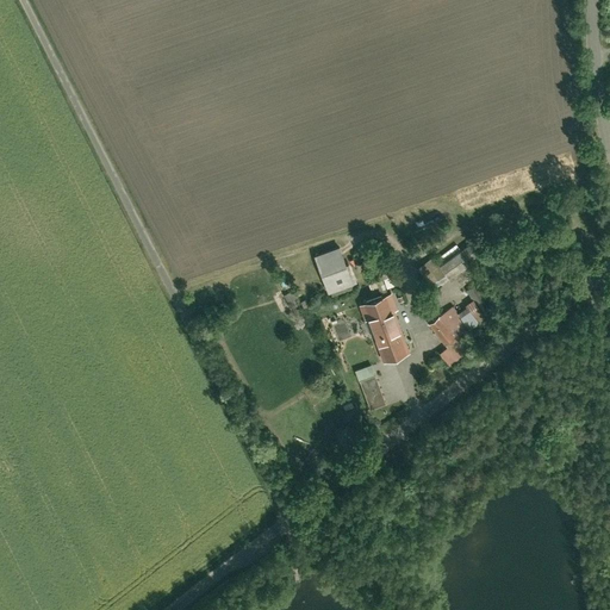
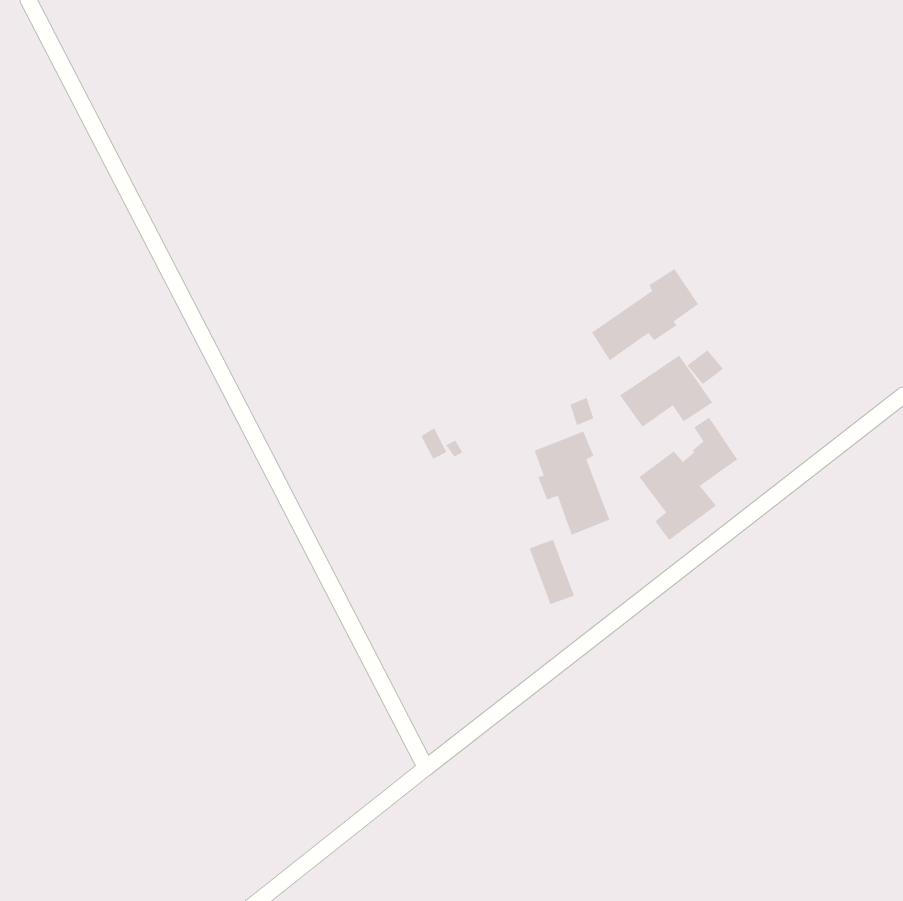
building: none -> [591,268,699,361]
building: [315,247,356,294] -> none

